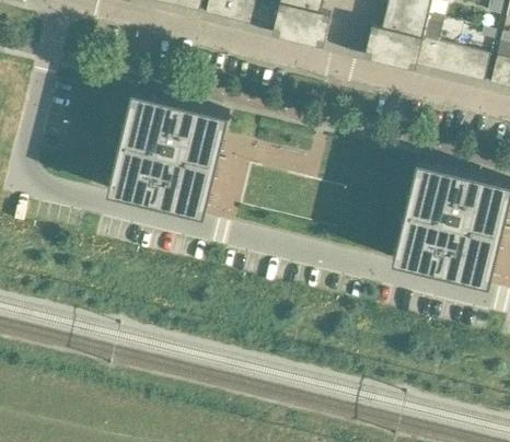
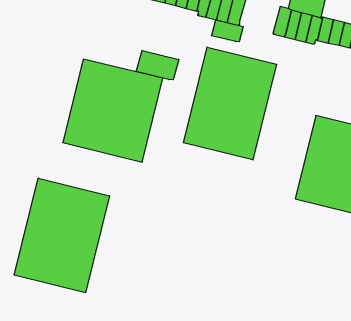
building: none -> [211,20,243,42]
building: none -> [183,47,277,160]
building: none -> [136,50,179,80]
building: none -> [14,178,110,293]

